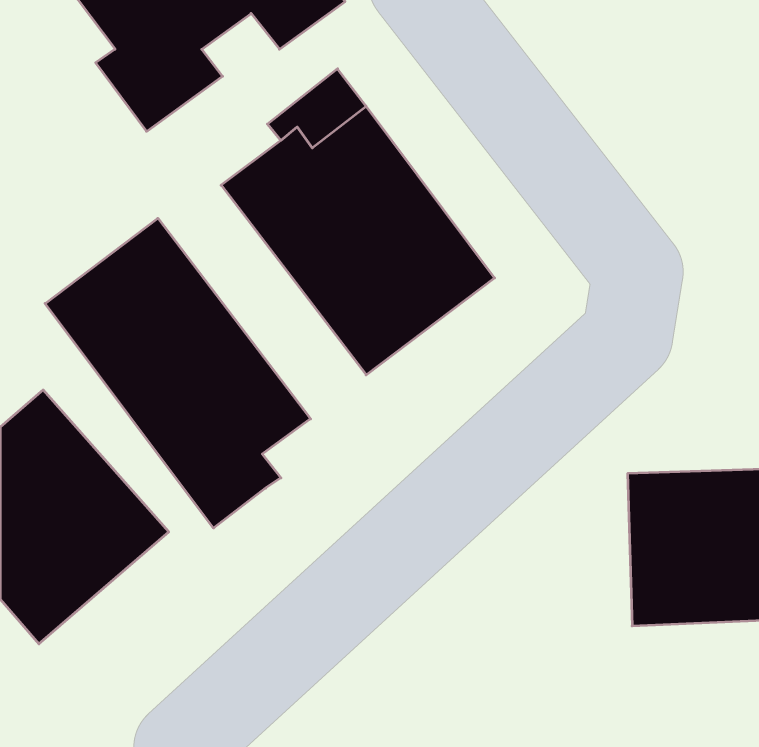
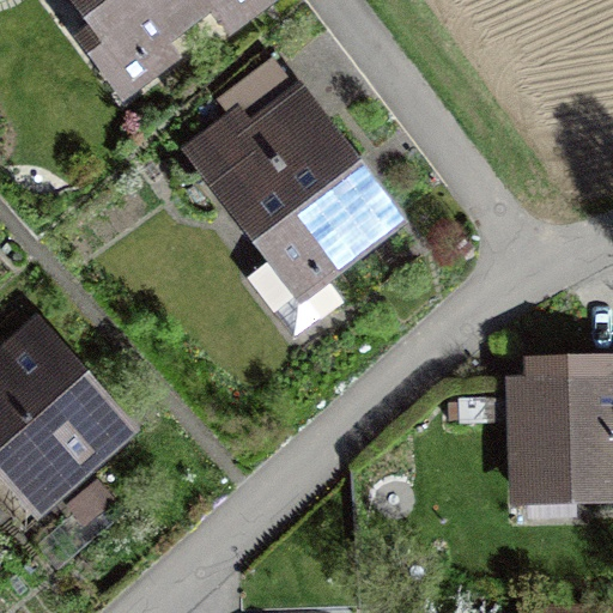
building: [45,218,311,528] -> none

